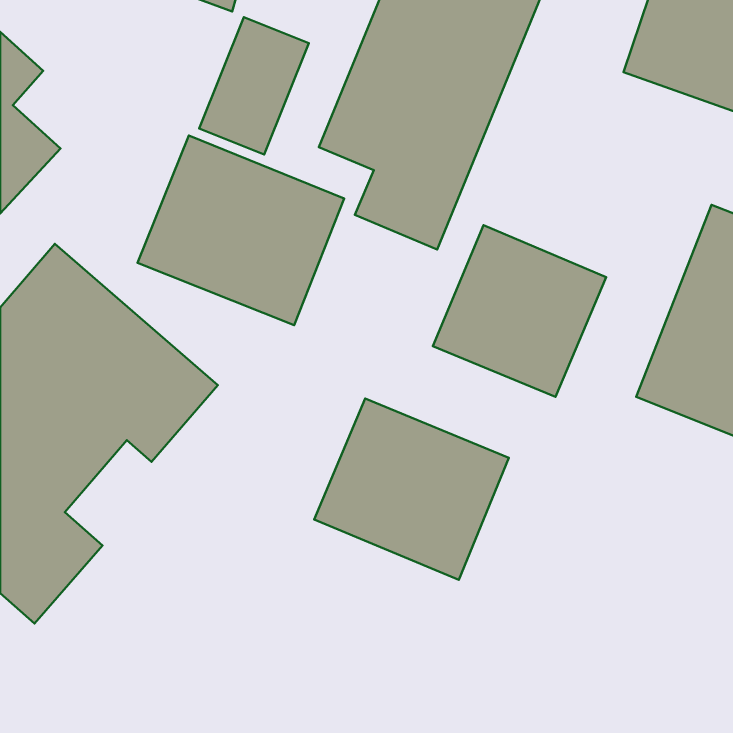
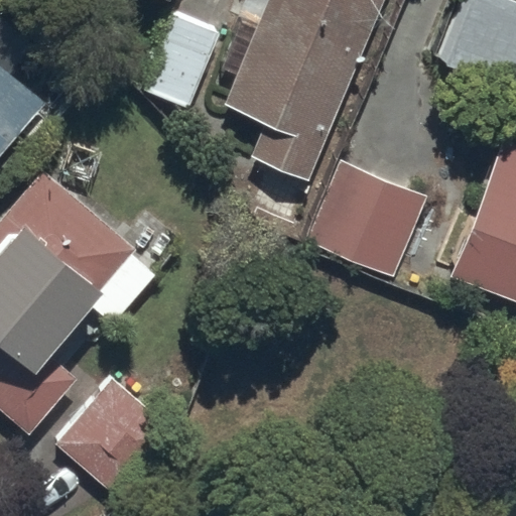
building: [137,135,344,325] -> none
building: [314,399,509,580] -> none
building: none -> [54,380,175,501]

